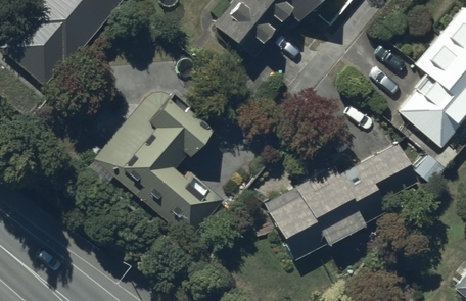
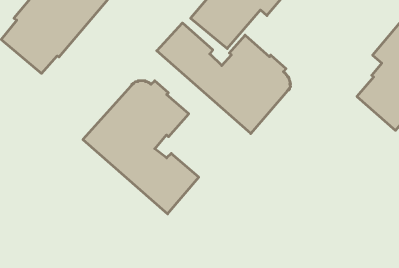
building: none -> [157,23,291,134]
building: [264,141,417,259] -> none

